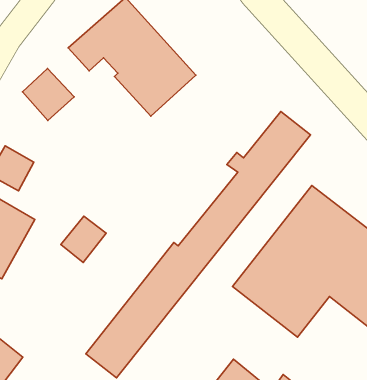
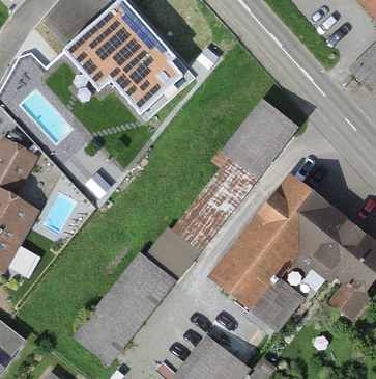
building: [23,68,74,120] -> none
building: [61,216,106,262] -> none

